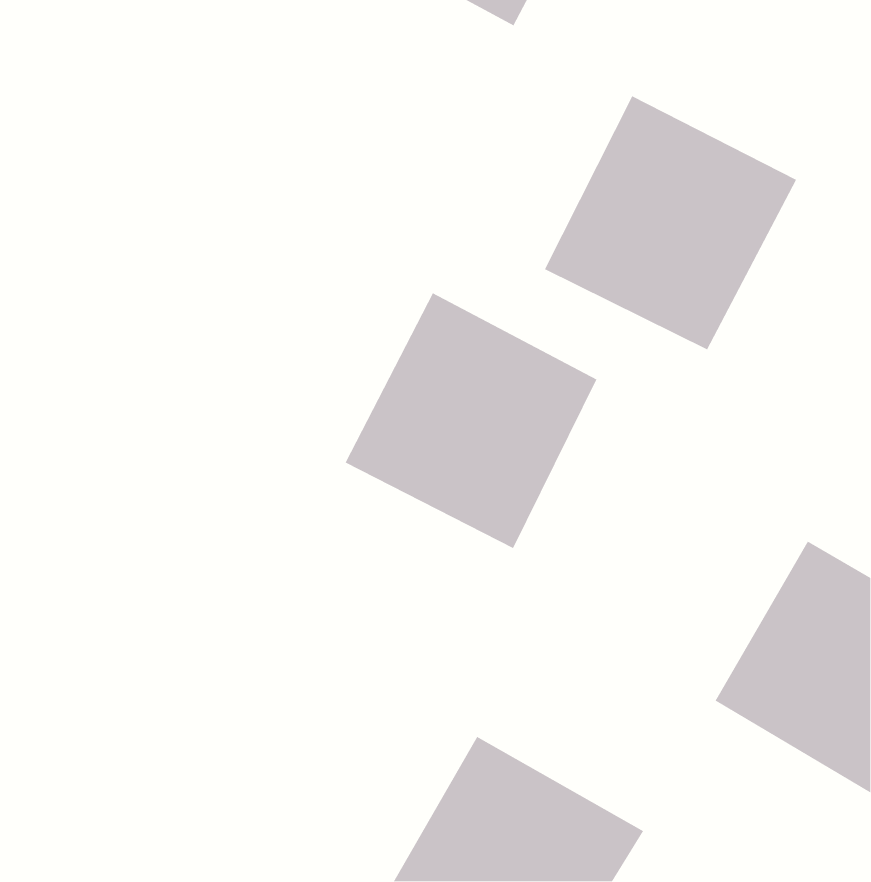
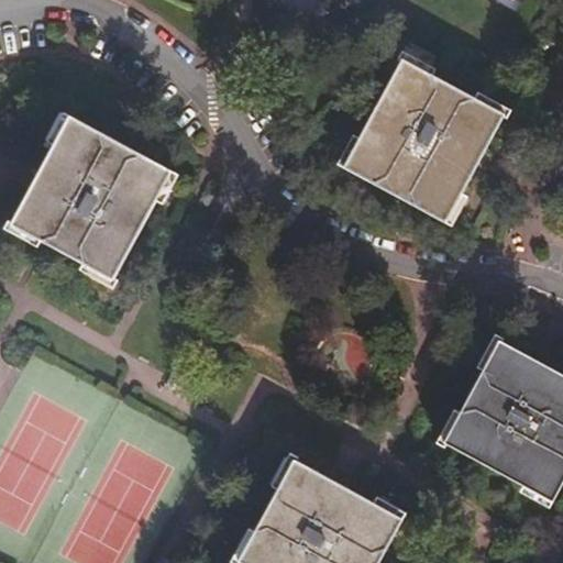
building: none -> [14,120,174,282]
building: [344,292,598,549] -> none

